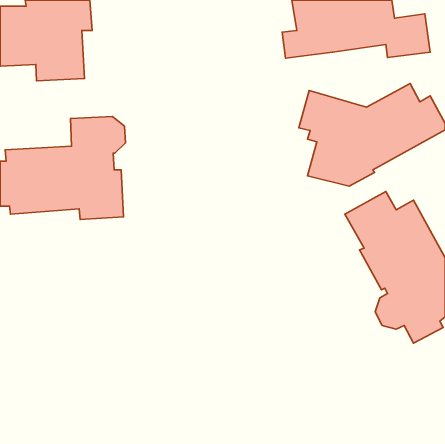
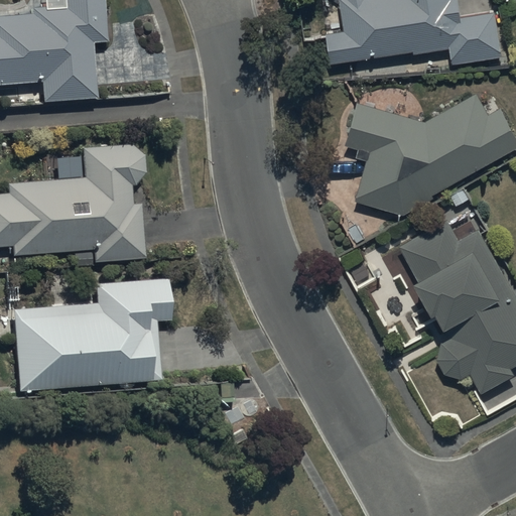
building: none -> [13,270,170,383]

